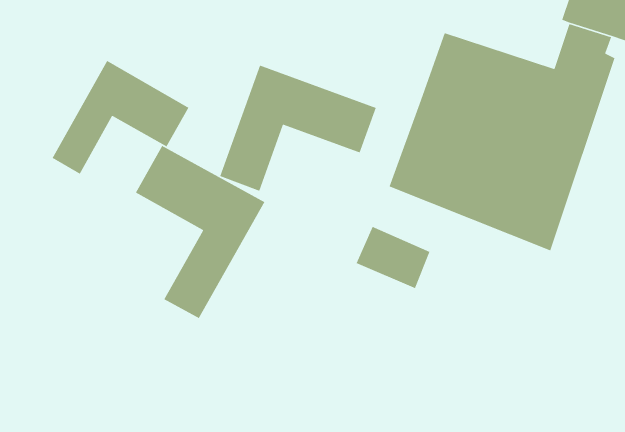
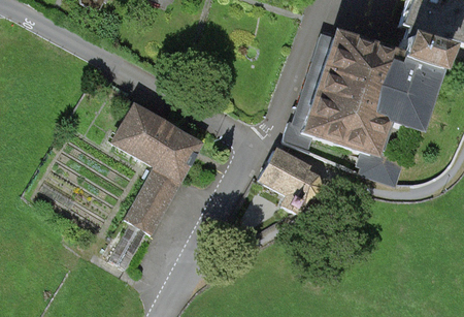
building: [52,60,189,175] -> none
building: [219,64,377,192] -> none

